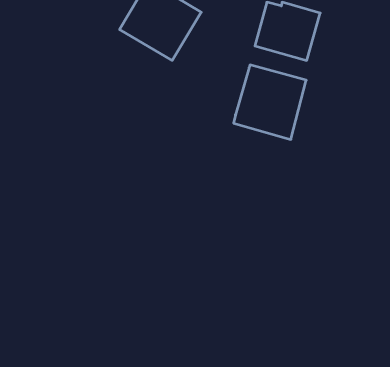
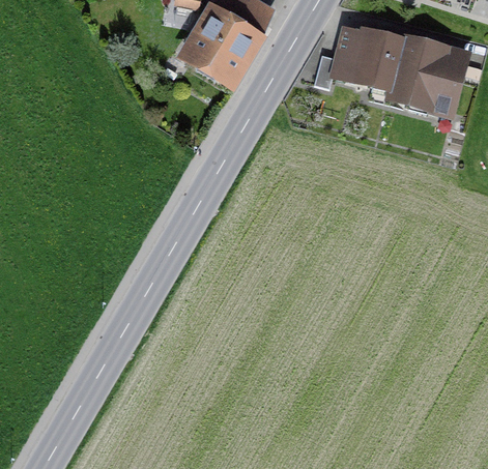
building: [234,65,306,139] -> [386,33,469,118]

